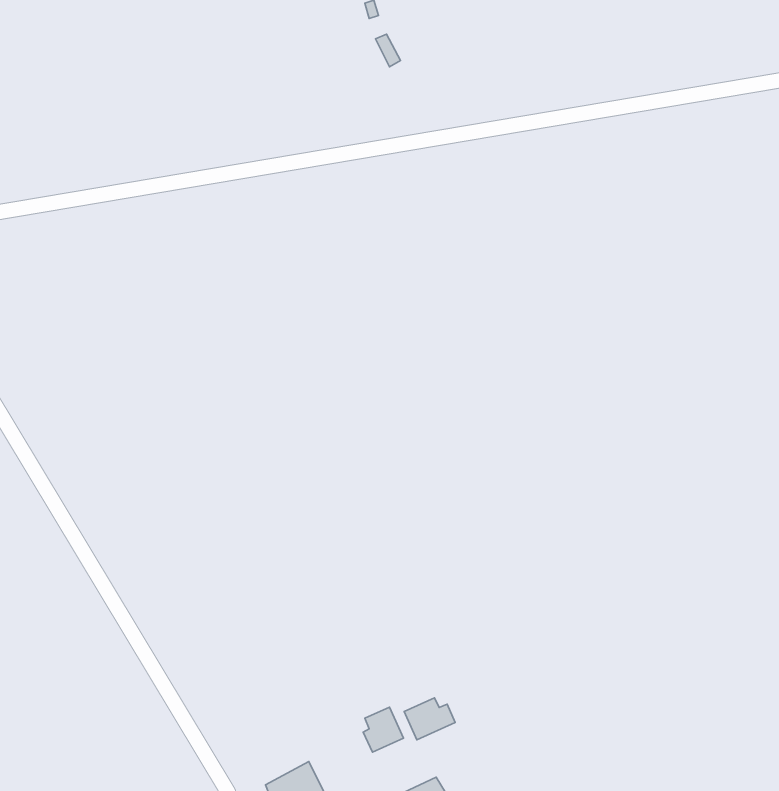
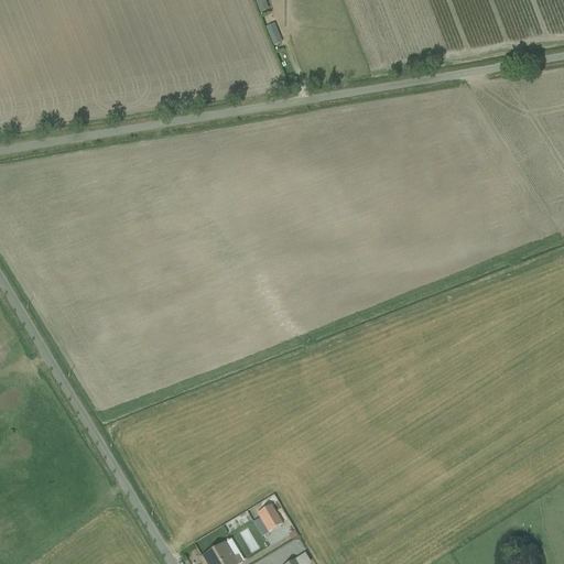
building: [404,698,455,740] -> none

